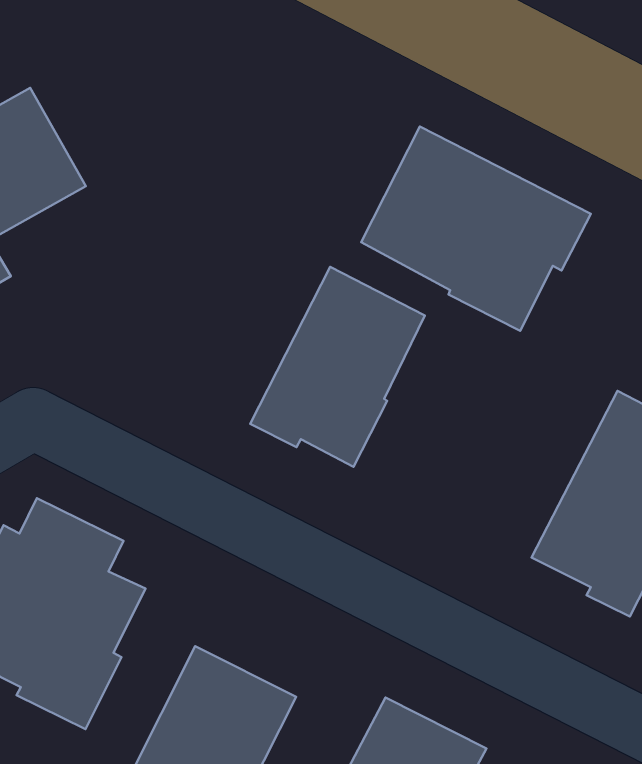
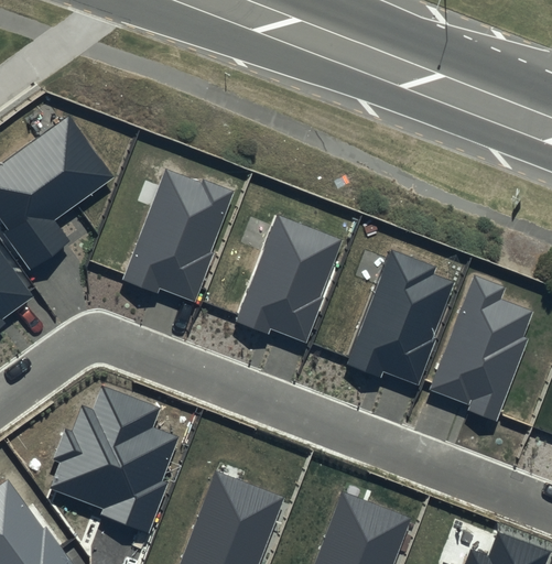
building: [361,127,591,331] -> none
building: none -> [122,169,232,302]
building: none -> [346,248,454,384]

